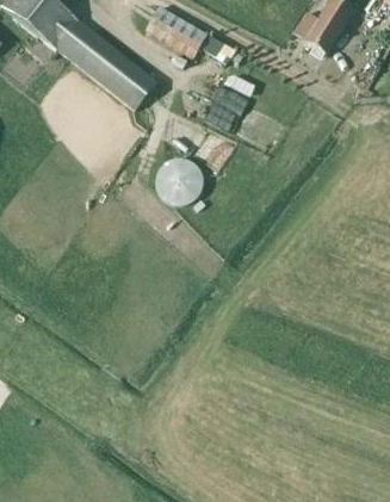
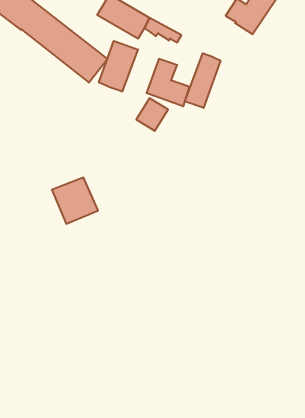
building: none -> [99,41,138,92]
building: none -> [185,53,220,108]
building: [150,156,204,210] -> [52,178,98,224]

